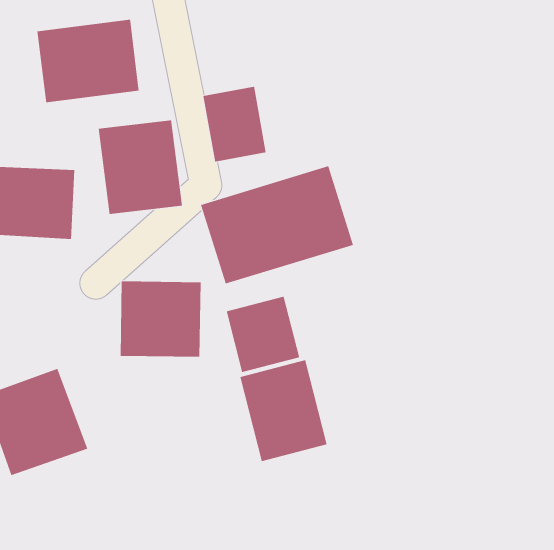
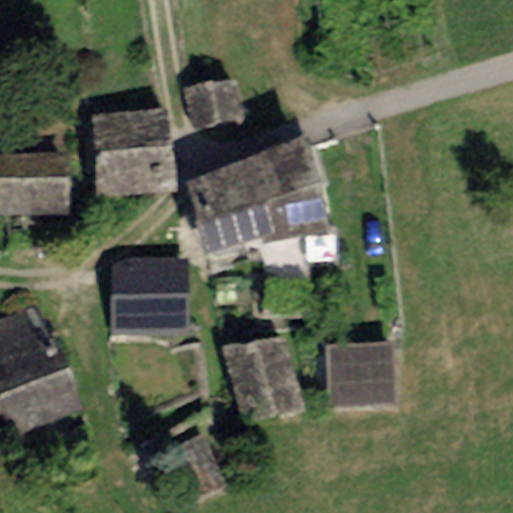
building: [37,19,139,103] -> none
building: [226,296,300,373] -> none
building: none -> [332,337,401,404]

